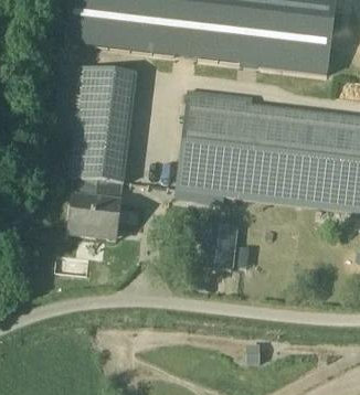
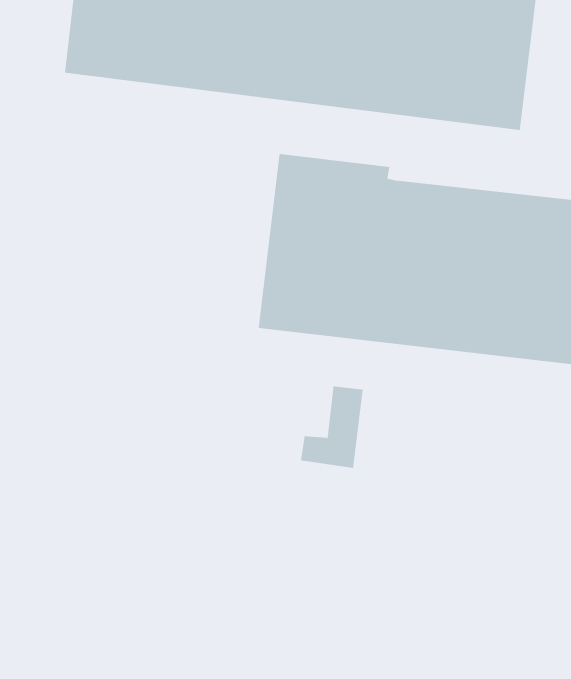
building: [53,63,137,237] -> none

